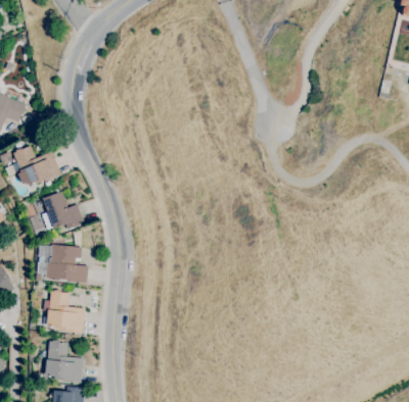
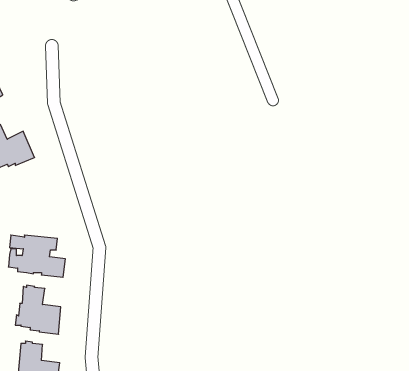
building: [42,188,84,230] -> none

